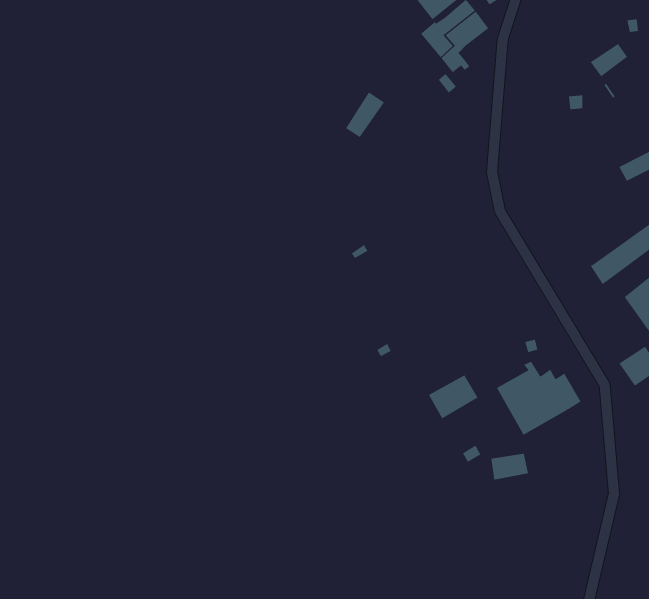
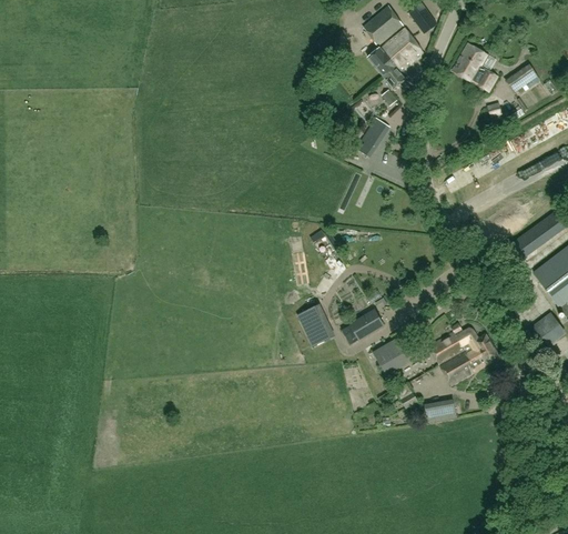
building: none -> [453,43,497,91]
building: [345,92,385,138] -> [357,118,389,155]
building: none -> [300,306,332,344]
building: none -> [343,310,384,342]

